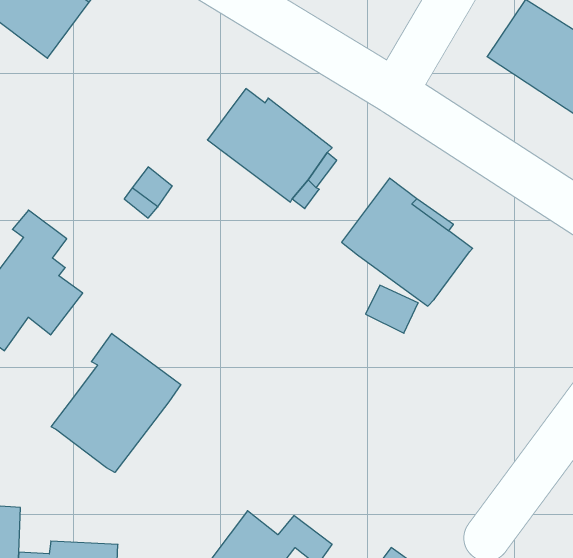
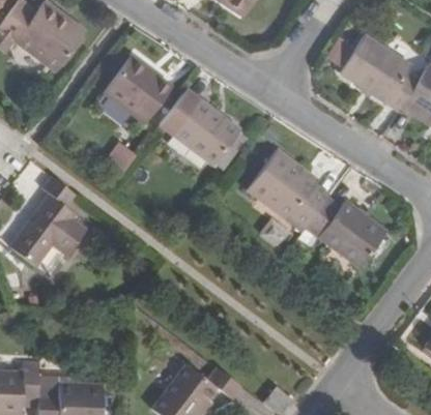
building: none -> [102,54,168,124]
building: none -> [307,198,387,268]
building: [51,333,181,472] -> none

